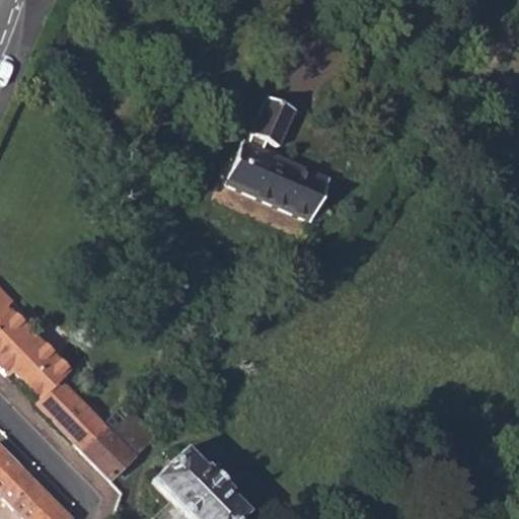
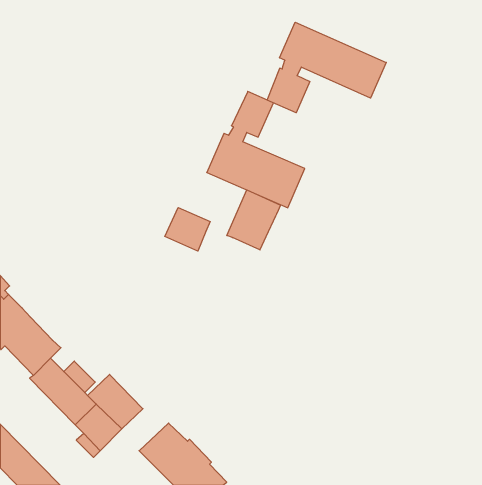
building: none -> [267,22,386,113]
building: none -> [227,190,281,250]
building: none -> [165,208,210,251]

